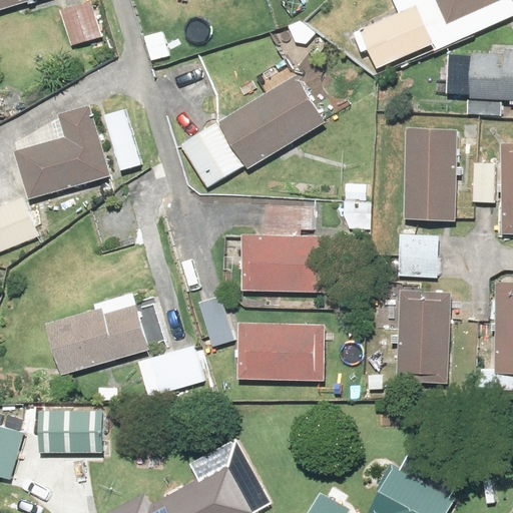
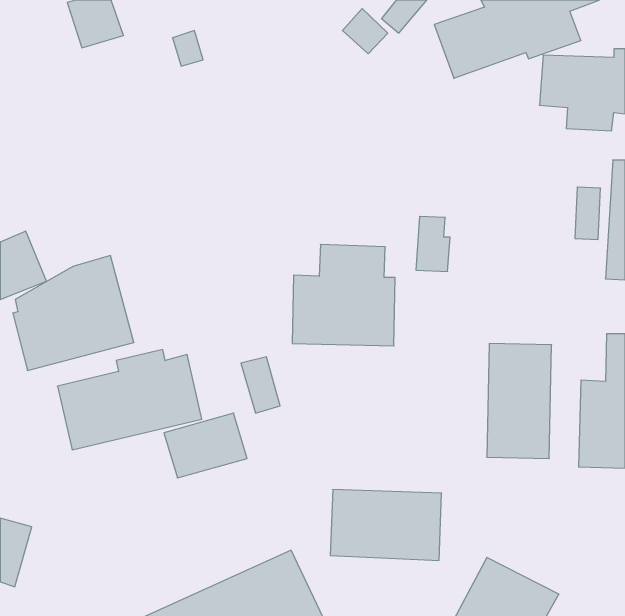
building: [177,76,325,193] -> none
building: [14,105,113,199] -> [13,256,134,370]
building: [402,125,455,218] -> none
building: [398,233,438,275] -> none
building: [235,322,327,380] -> [330,490,442,560]
building: [40,423,107,462] -> none

